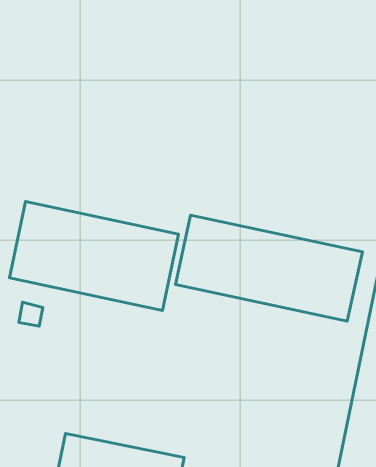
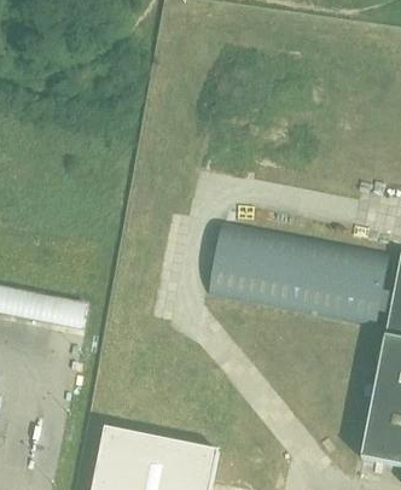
building: [9,201,179,310] -> none

